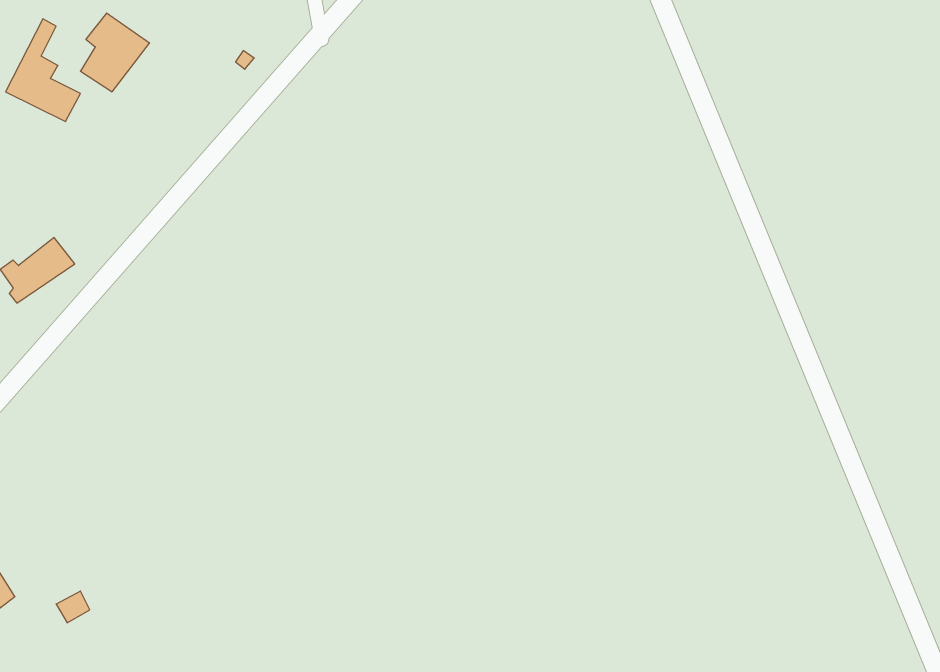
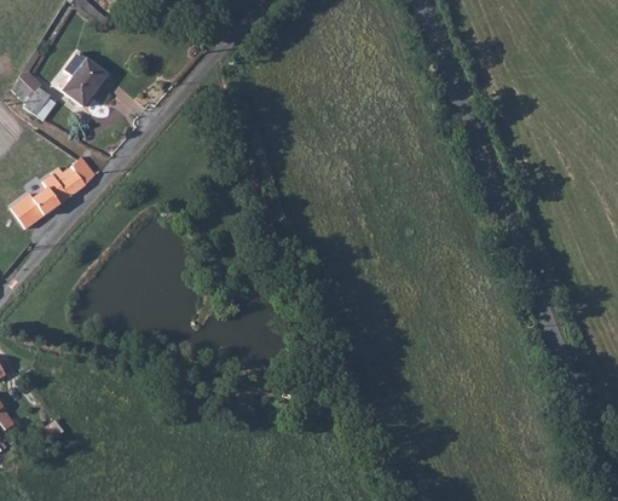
building: none -> [41,159,91,209]

